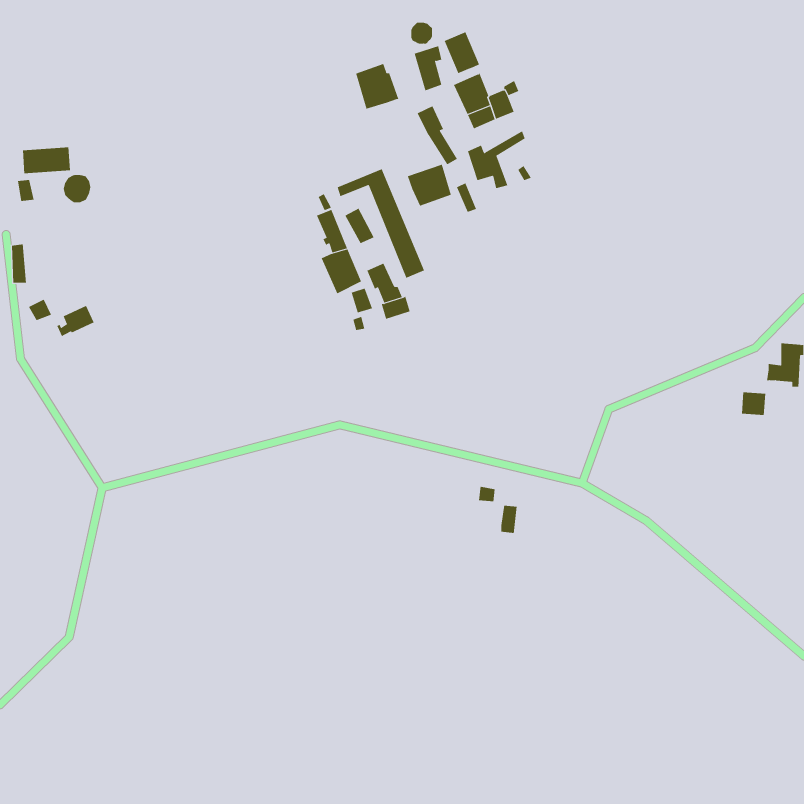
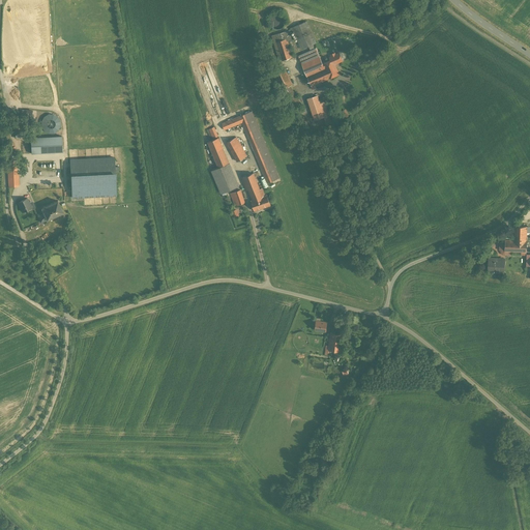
building: [356,63,399,110] -> none
building: [22,147,71,174] -> [30,136,62,153]
building: [407,164,451,206] -> none
building: none -> [70,157,116,198]

